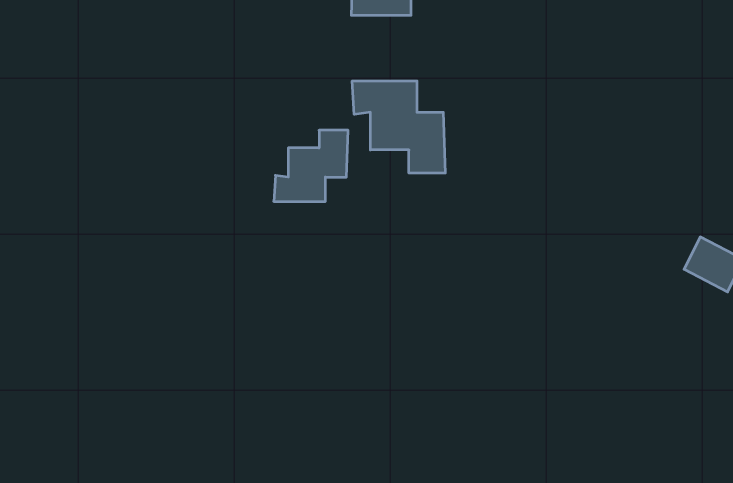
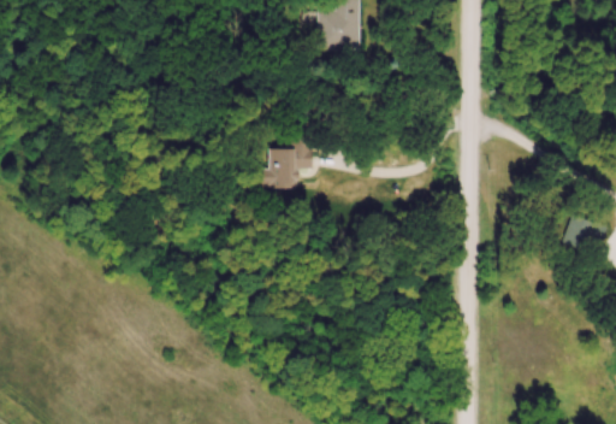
building: [352,81,445,173] -> none

